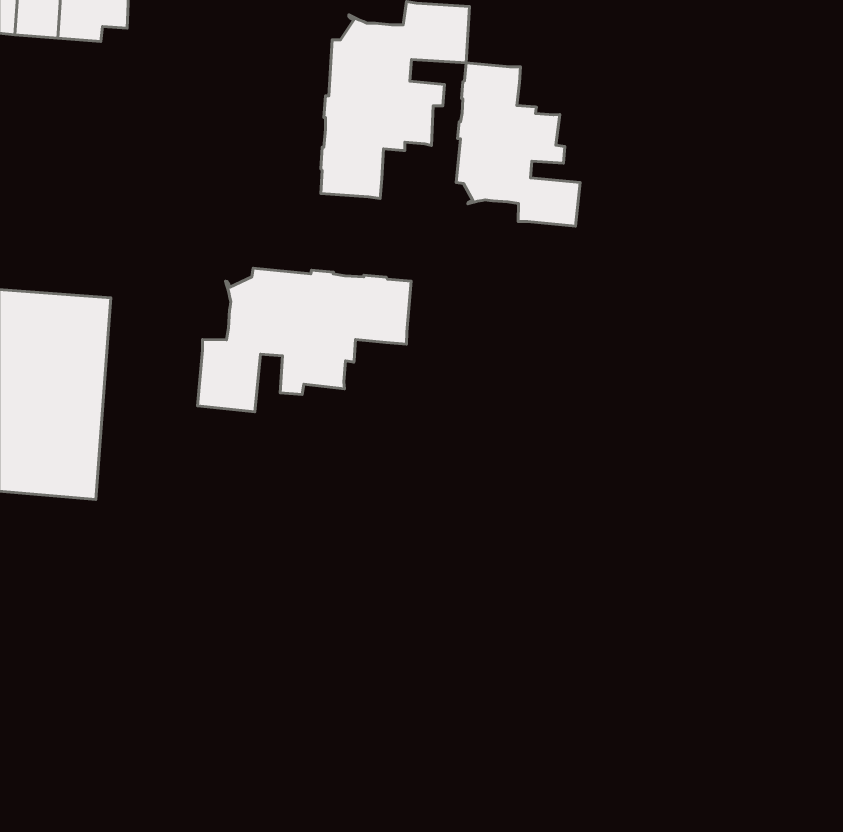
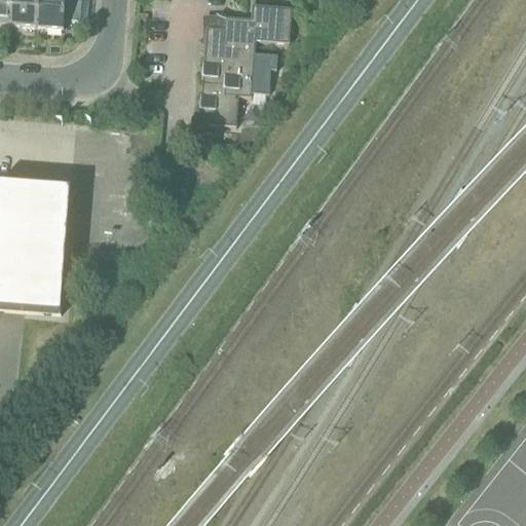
building: [456,63,580,226] -> none
building: [197,268,411,412] -> none

